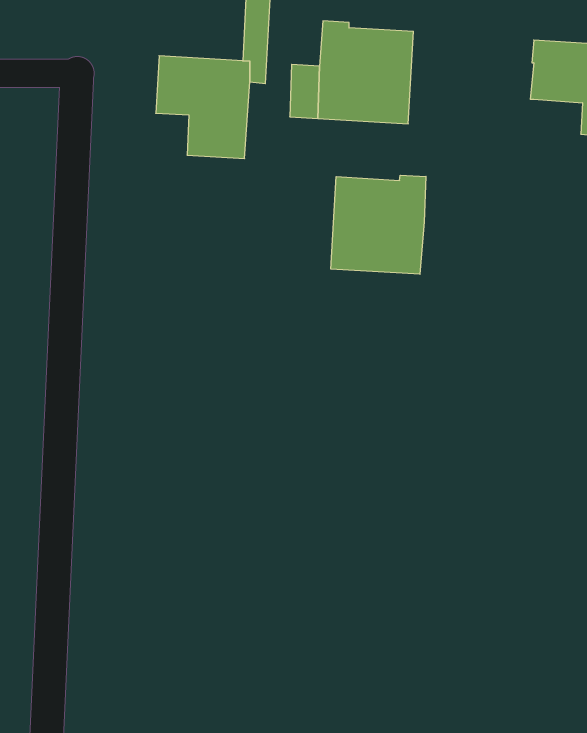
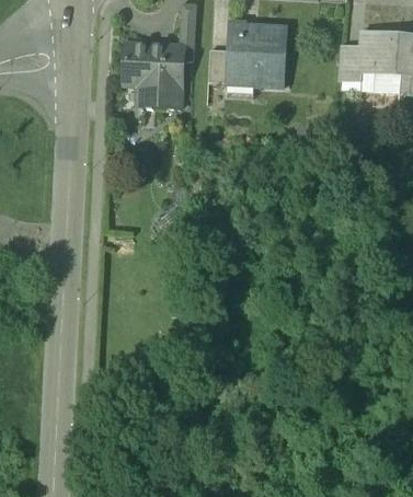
building: none -> [340,47,362,80]
building: [331,175,426,274] -> none

